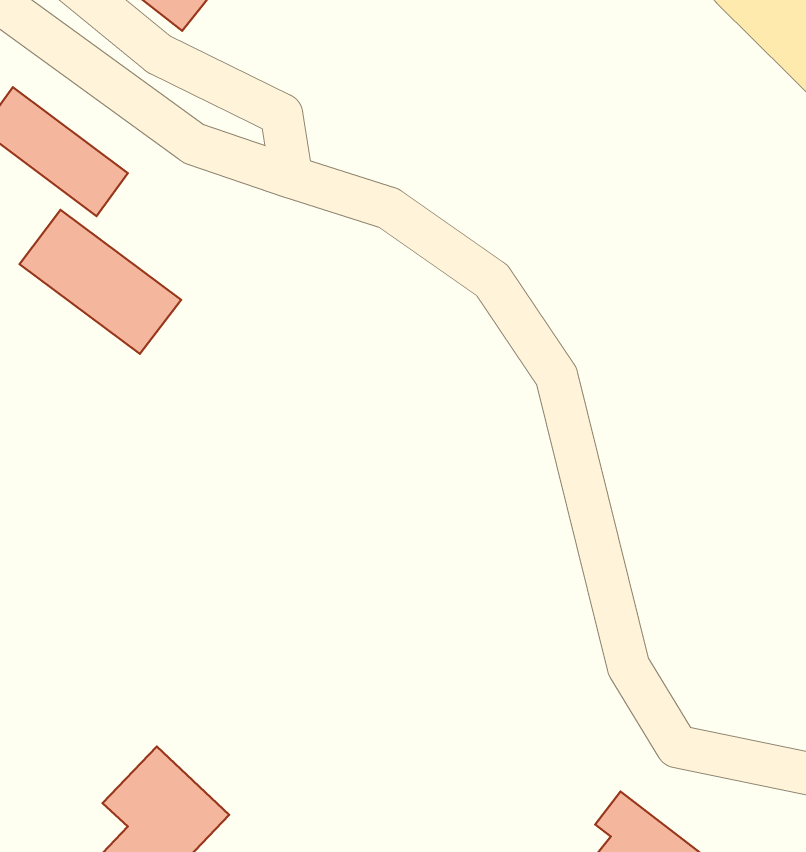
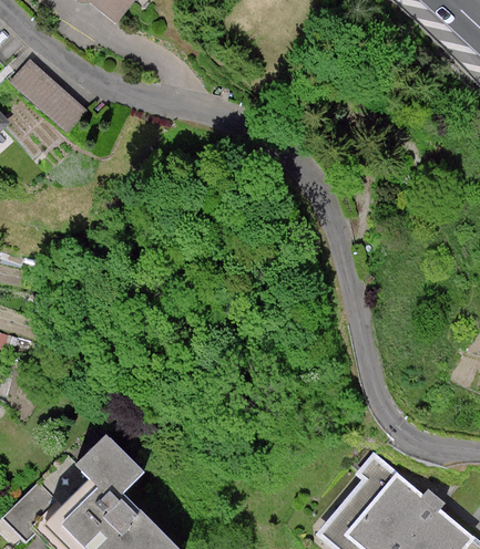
building: [19,210,181,354] -> none

